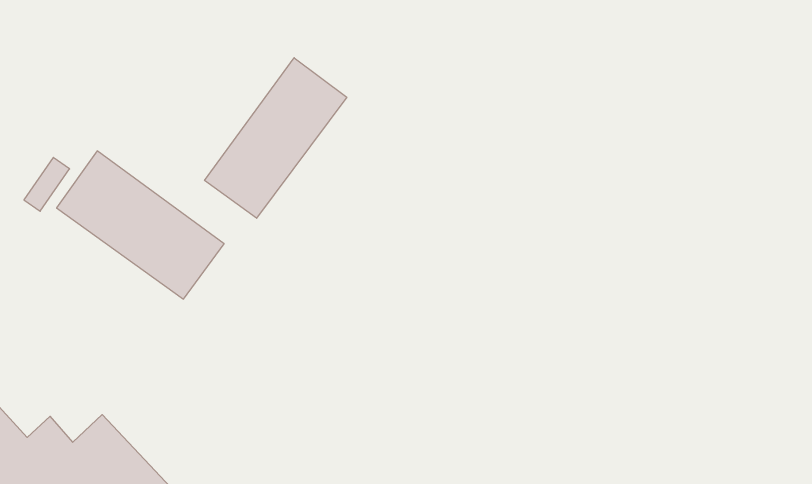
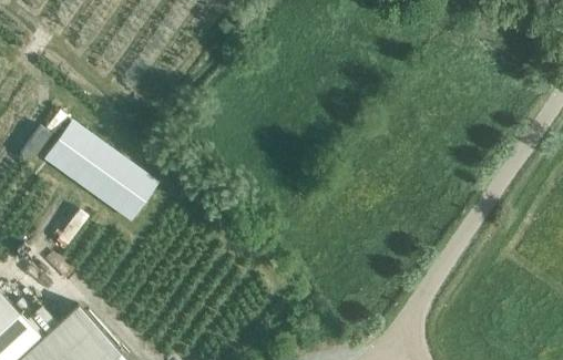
building: [205,58,347,218] -> none

